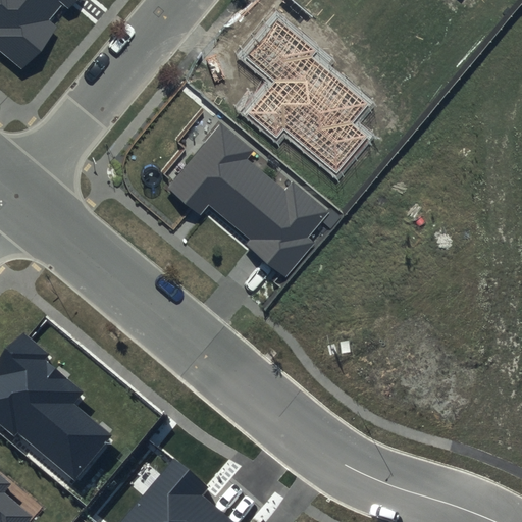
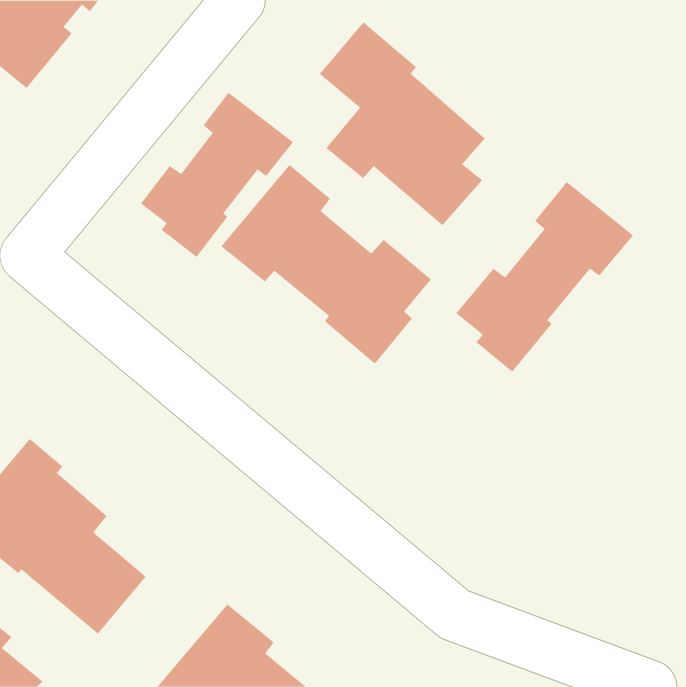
building: none -> [140,92,294,258]
building: none -> [456,181,634,373]

